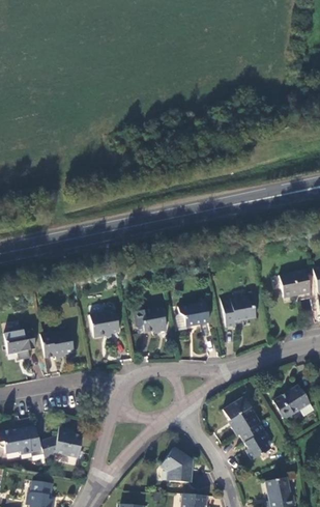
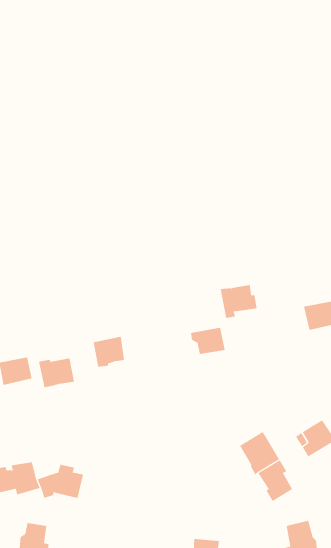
building: [222,297,256,328] -> [220,284,258,319]
building: [135,307,167,333] -> none
building: [161,448,192,482] -> none

